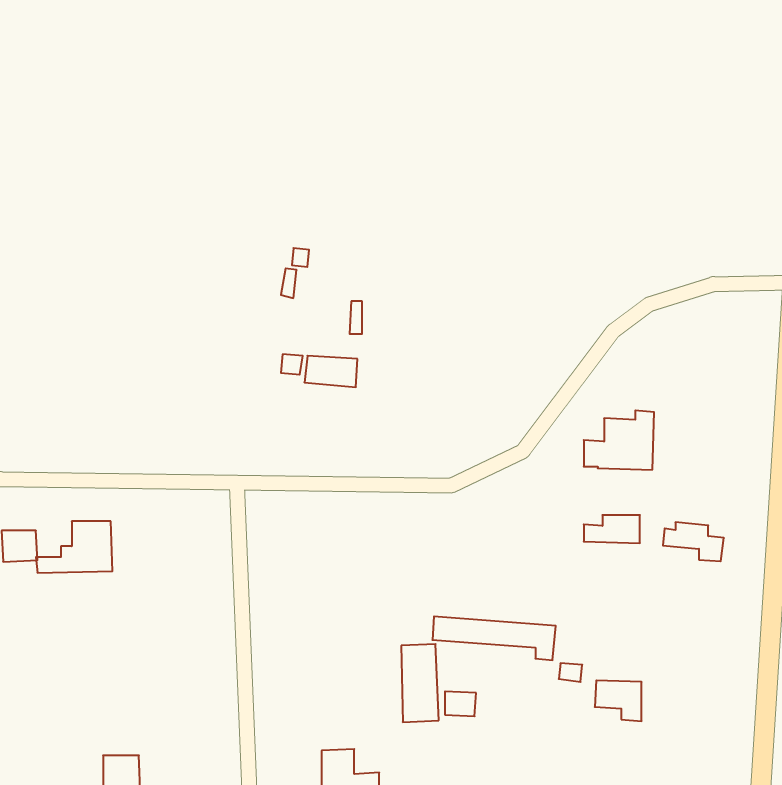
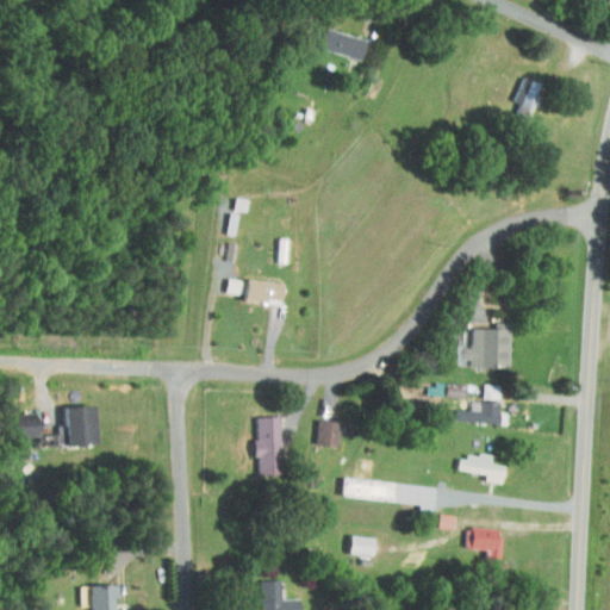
building: none -> [324,31,368,63]
building: none -> [515,79,540,122]
building: [663,522,724,561] -> [459,454,505,484]
building: none -> [316,421,342,448]
building: [401,644,439,722] -> [256,417,285,477]

